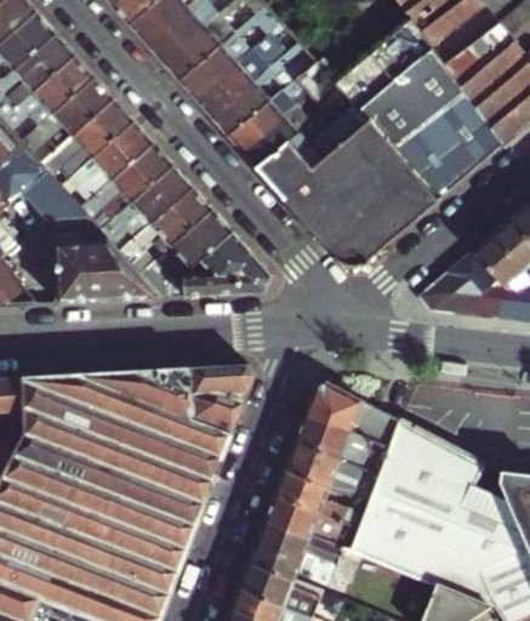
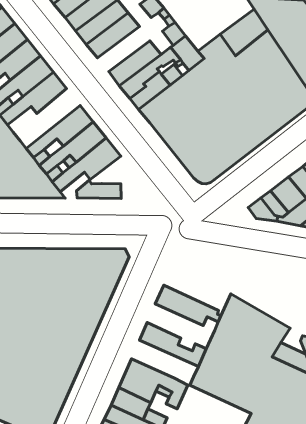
building: [195,51,268,116] -> none
building: [82,143,175,221] -> none
building: [201,234,273,294] -> none
building: [306,381,400,451] -> none
building: [285,439,381,498] -> none
building: [266,491,360,542] -> none

